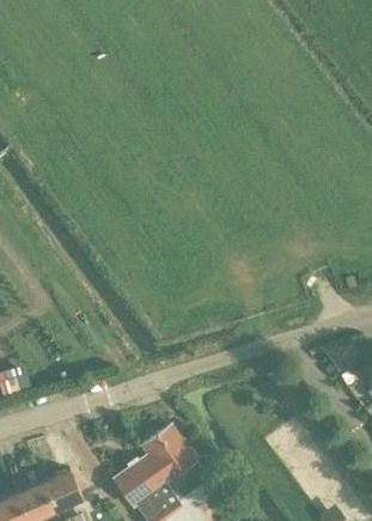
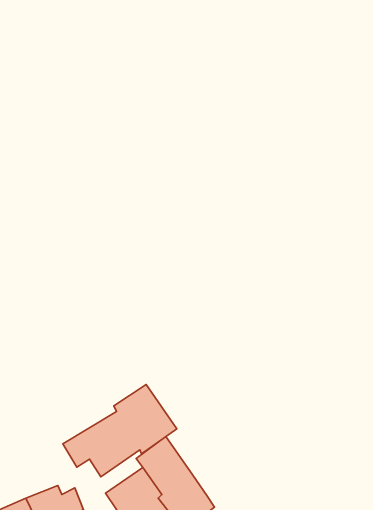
building: none -> [63,384,177,477]

